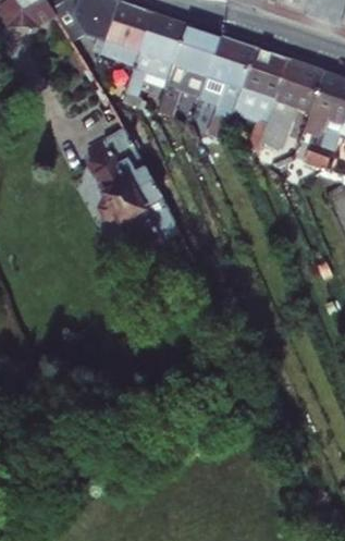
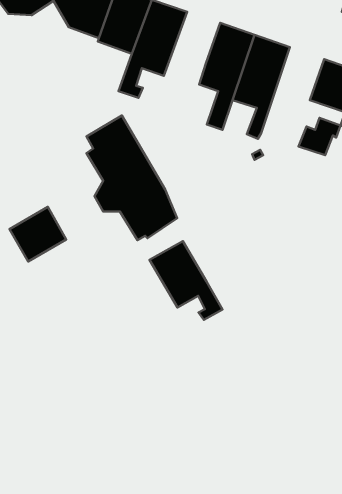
building: [158,24,222,115] -> none
building: [262,59,324,149] -> none
building: none -> [9,207,66,262]
building: none -> [150,241,222,320]

